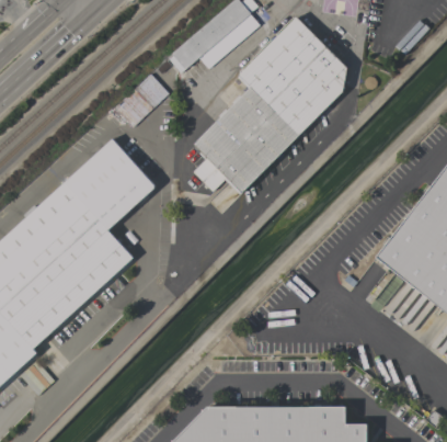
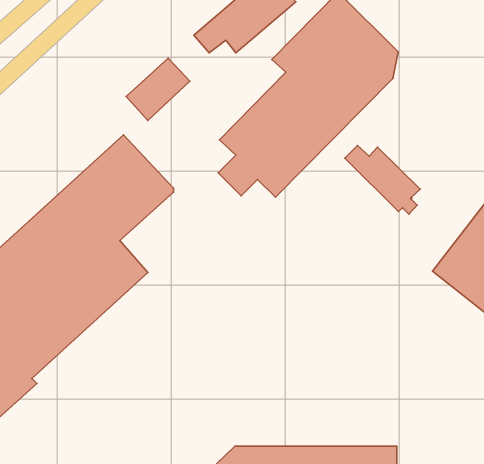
building: none -> [345,146,420,214]

